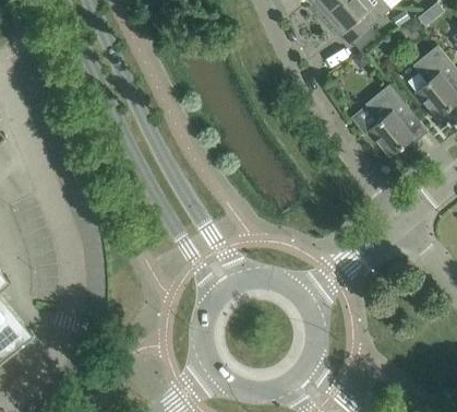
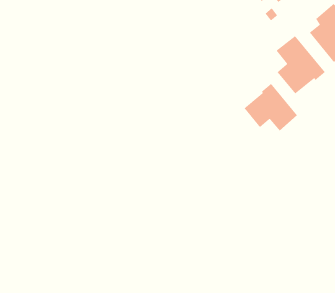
building: none -> [244,83,298,131]

